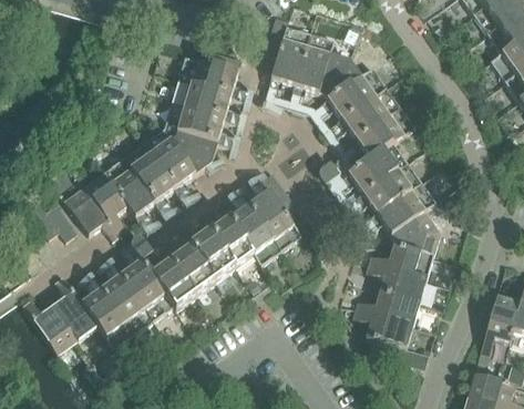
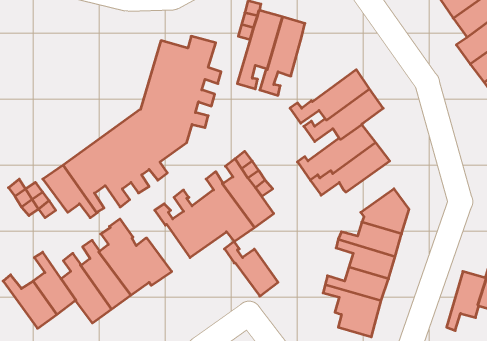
building: [316,52,387,120] -> none
building: [353,181,435,236] -> none
building: [160,238,215,295] -> [224,241,278,296]

